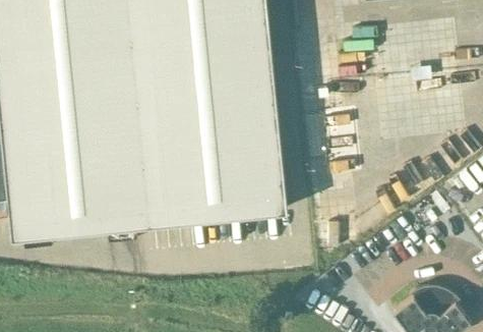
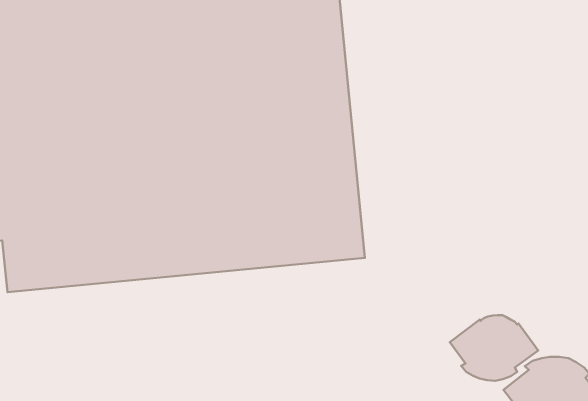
building: none -> [450,315,538,381]

